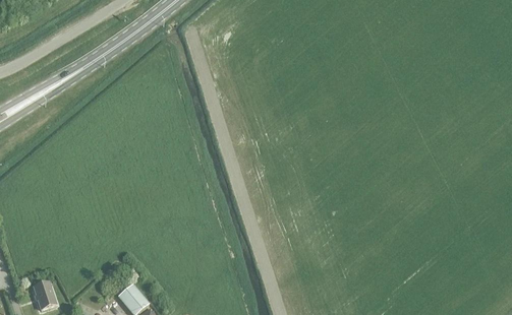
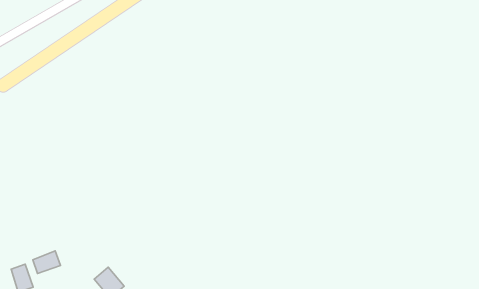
building: none -> [33,251,61,274]

